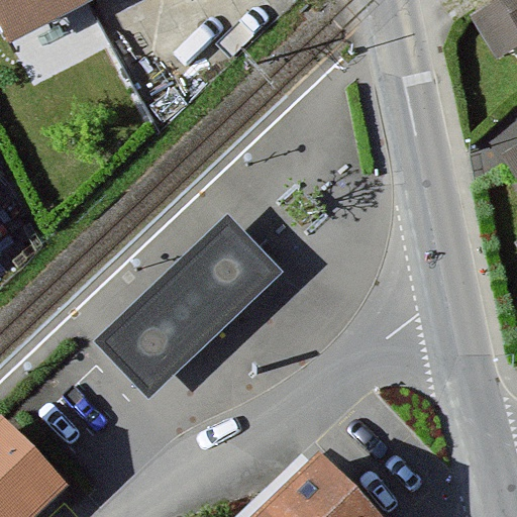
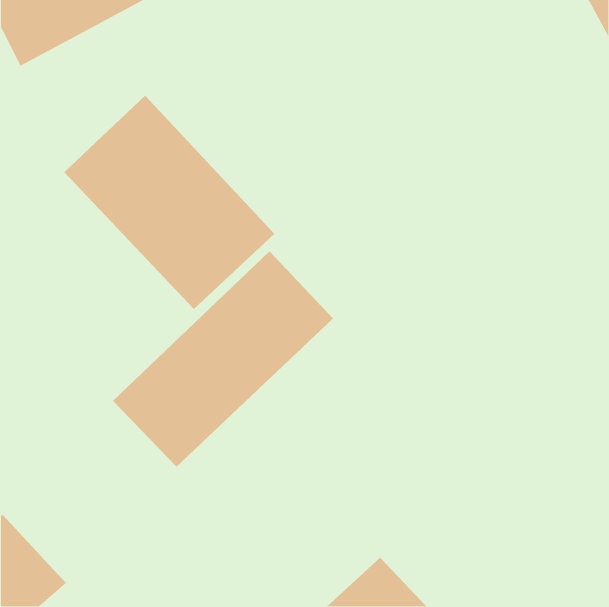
building: none -> [63,95,275,310]

